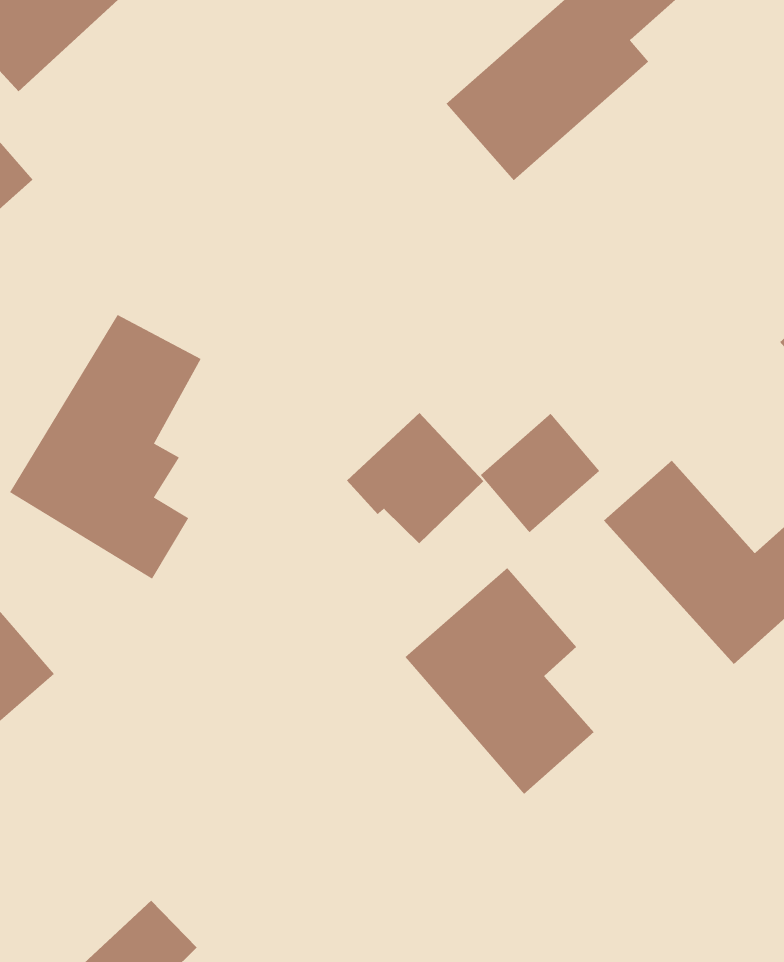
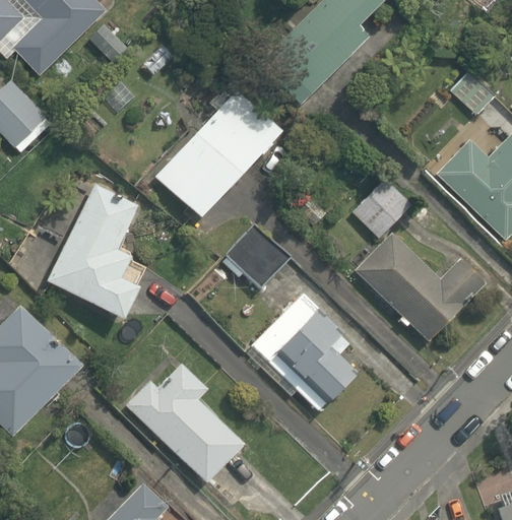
building: none -> [150,91,270,216]
building: [480,413,600,533] -> [353,175,413,237]
building: none -> [118,356,240,481]

